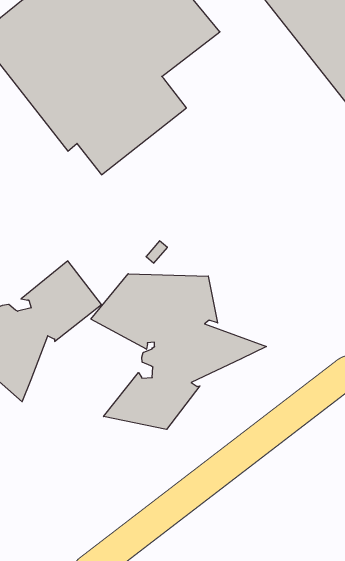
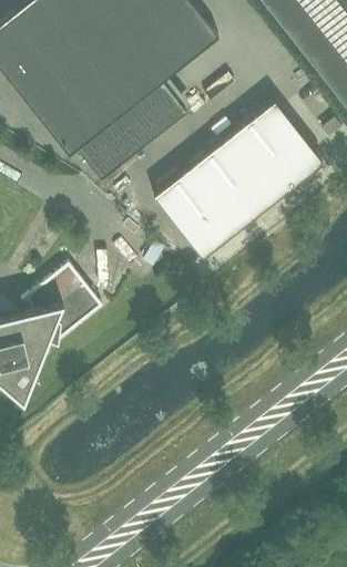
building: none -> [153,101,324,259]
building: [91,274,266,429] -> none

